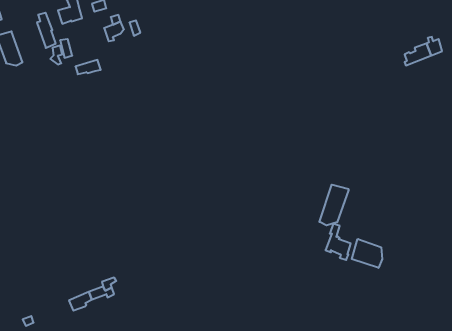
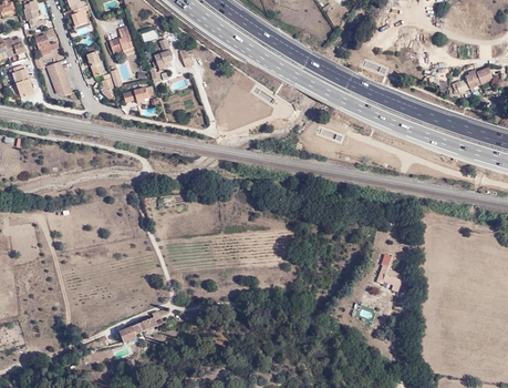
building: [319,185,348,225] -> none
building: [352,239,382,268] -> none

